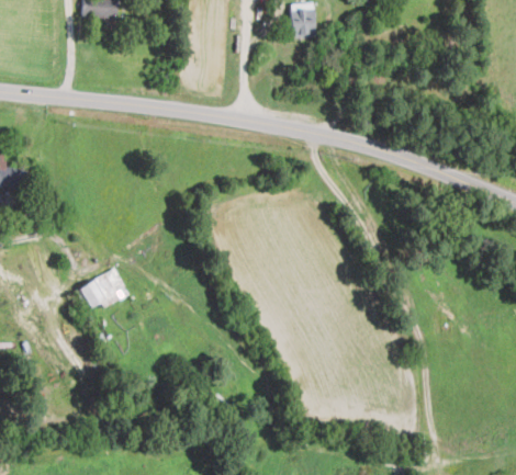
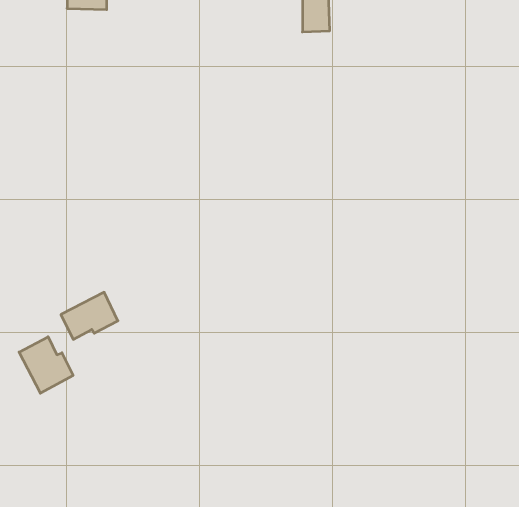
building: none -> [19,337,73,393]

